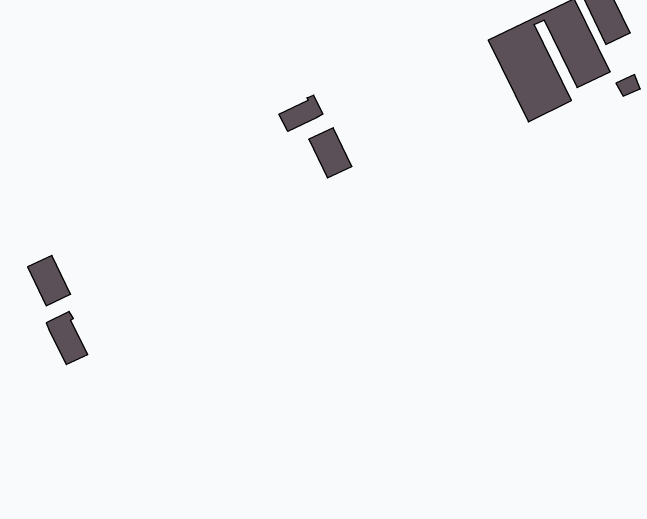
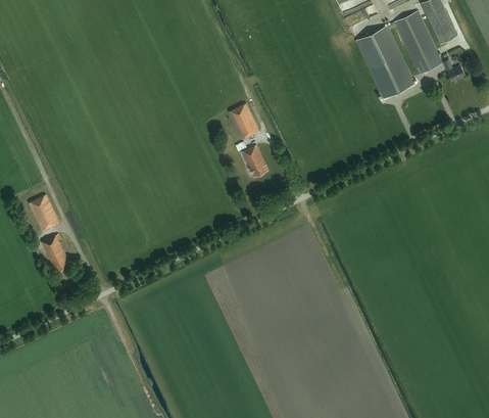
building: [279,95,323,131] -> none
building: none -> [241,145,267,177]

